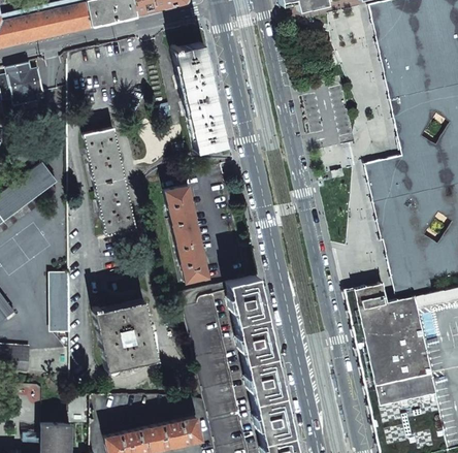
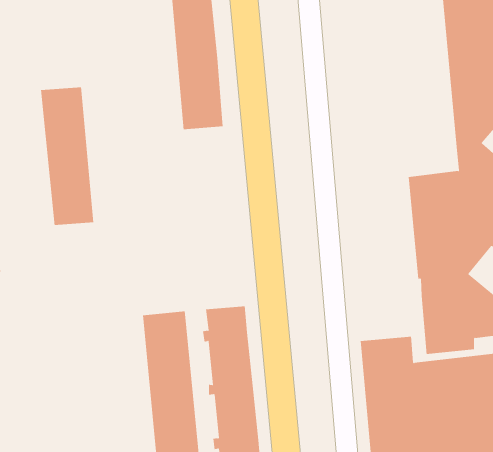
building: [163,184,208,281] -> none
building: [93,298,157,369] -> none

